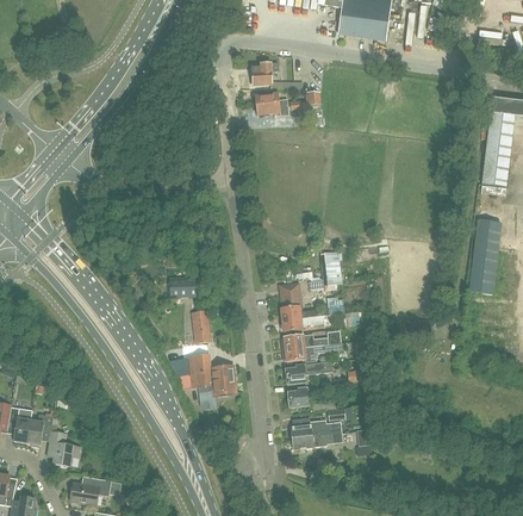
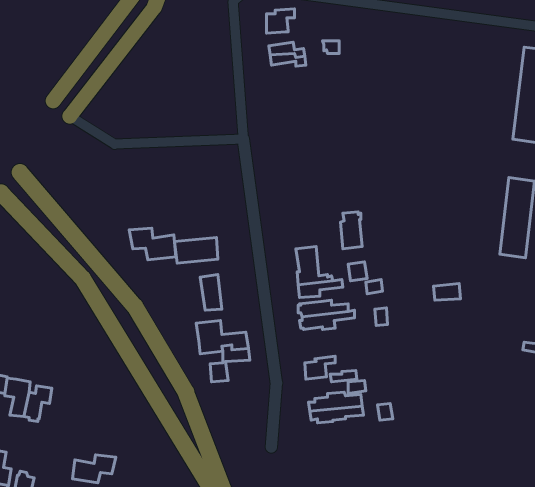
building: none -> [129,228,176,260]
building: [285,360,331,383] -> none
building: [46,430,80,465] -> none

